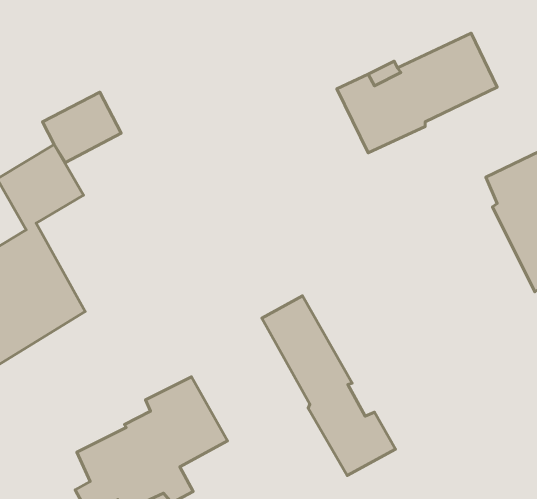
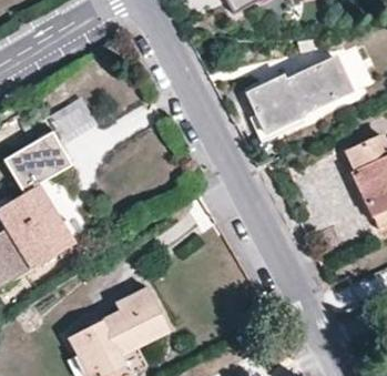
building: [262,296,395,475] -> none

